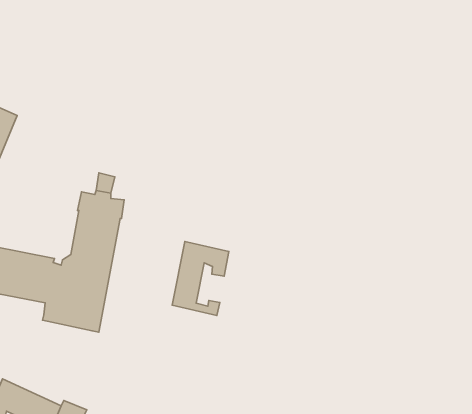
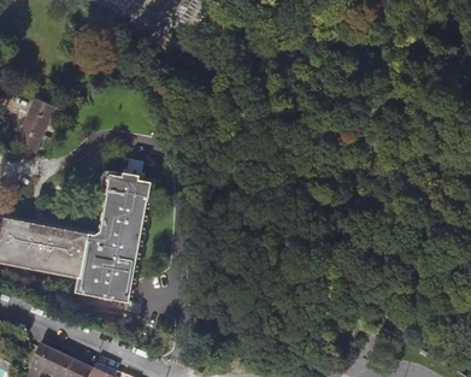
building: [172,242,229,316] -> none

